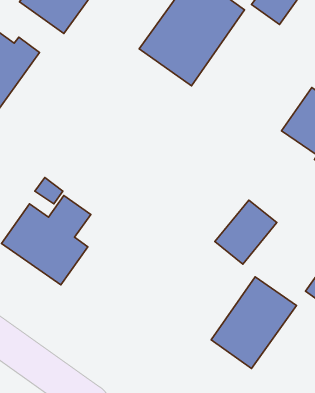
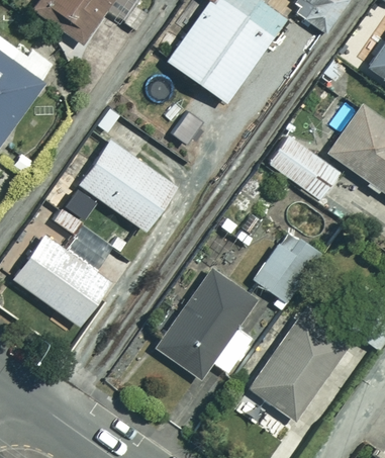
building: none -> [268,136,341,201]
building: none -> [79,141,177,232]
building: none -> [156,270,255,379]

